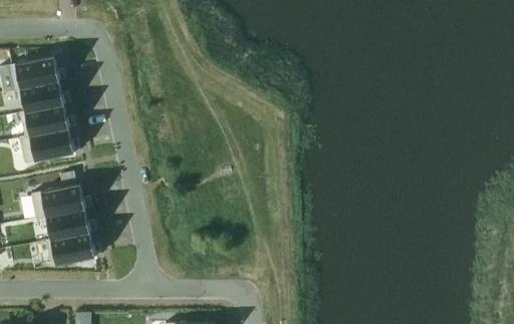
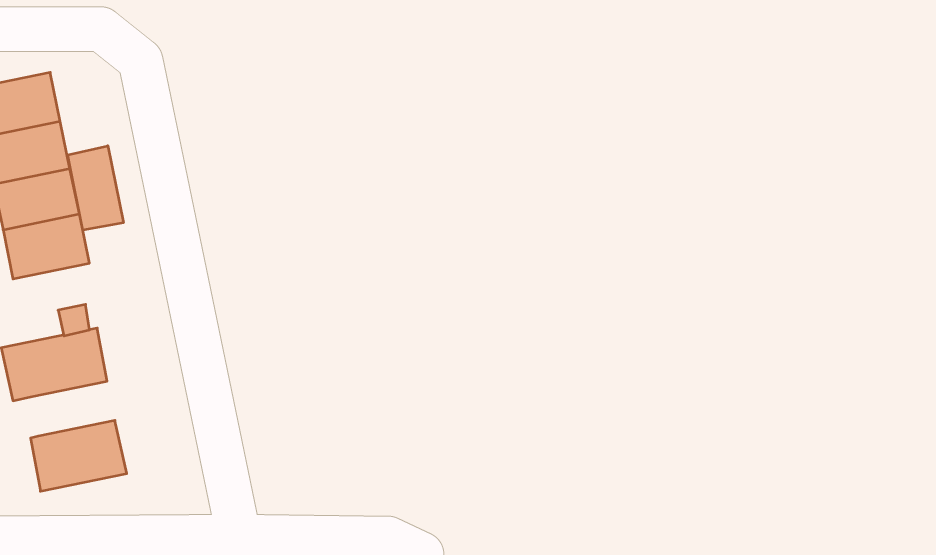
building: none -> [68,146,123,230]
building: [44,211,87,239] -> none

